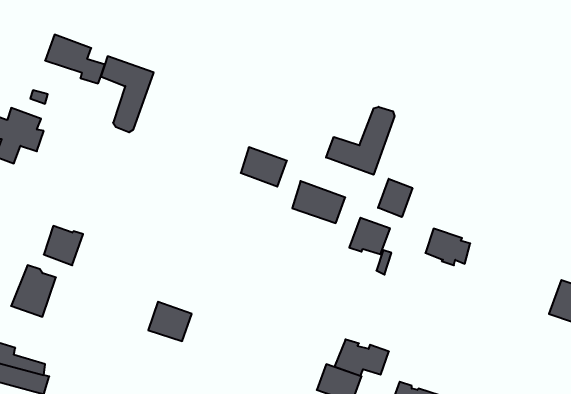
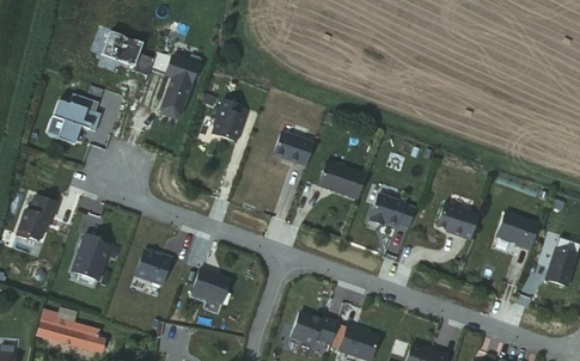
building: [326,107,394,175] -> none
building: none -> [212,100,244,142]
building: [378,179,412,217] -> none
building: [44,226,83,265] -> [135,251,170,286]
building: none -> [495,213,538,250]
building: [335,339,389,376] -> [291,311,338,343]

